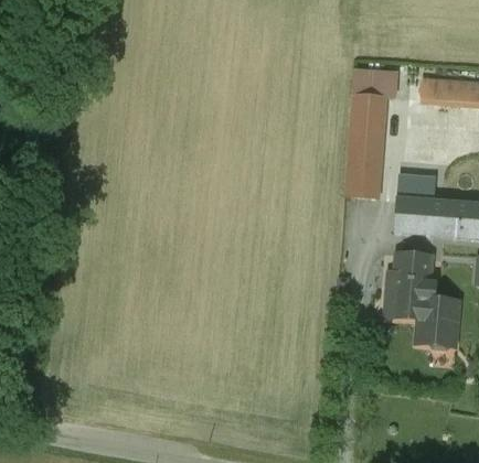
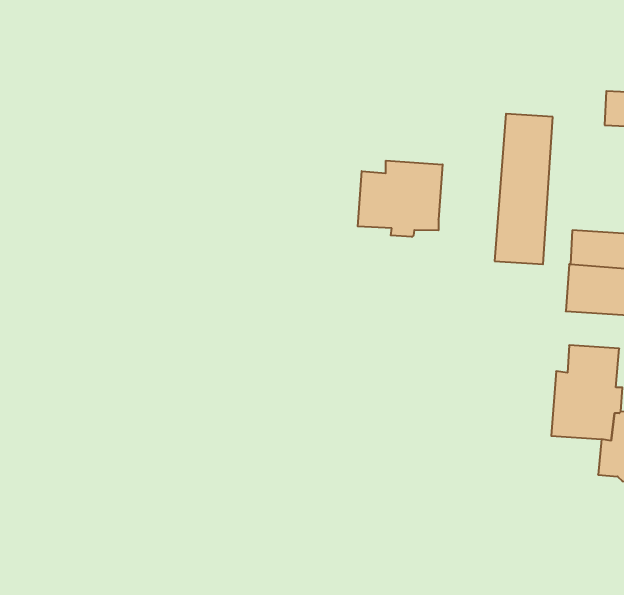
building: [353,76,395,98] -> none
building: none -> [358,161,443,237]

